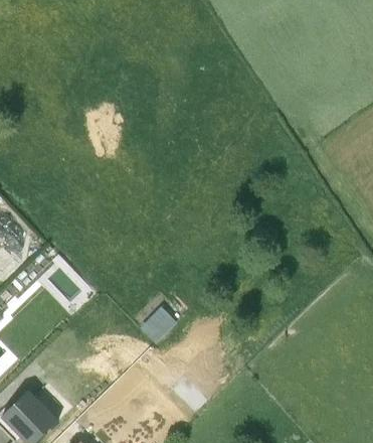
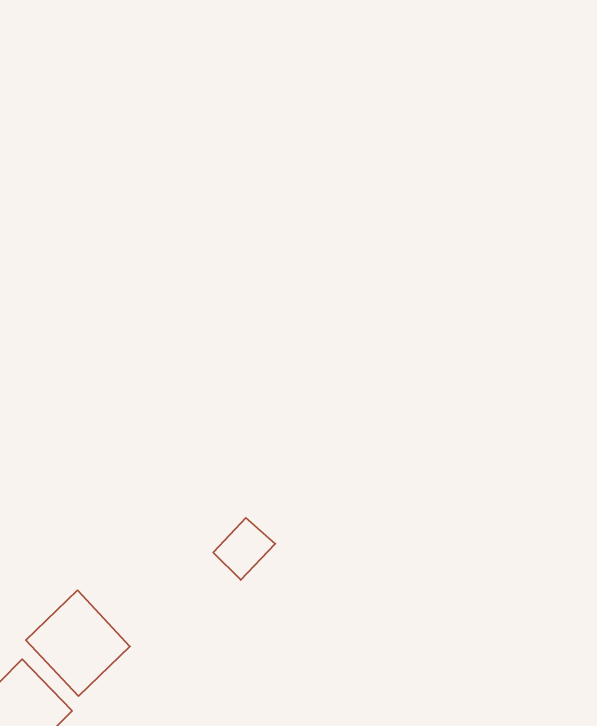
building: none -> [26,590,130,696]

